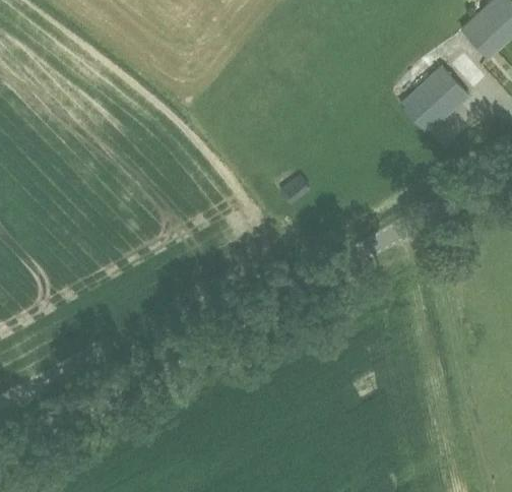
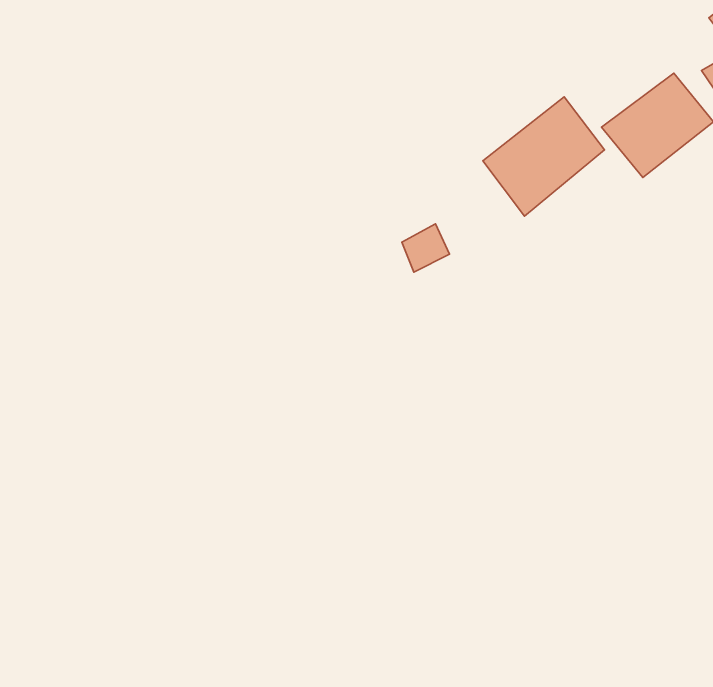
building: none -> [483,97,604,216]

